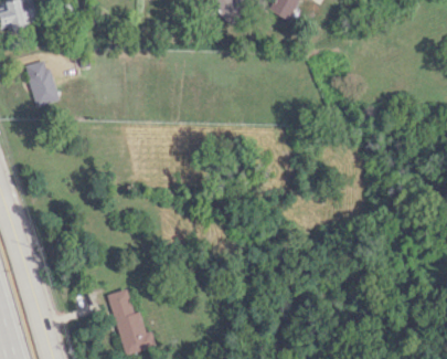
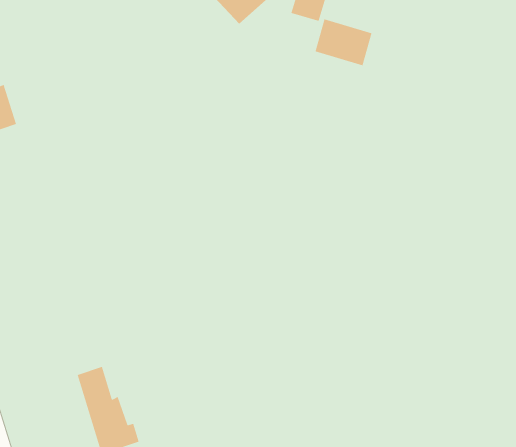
building: none -> [315,18,372,66]

